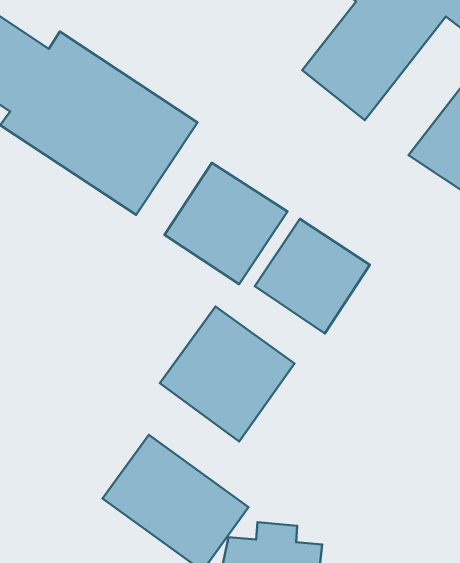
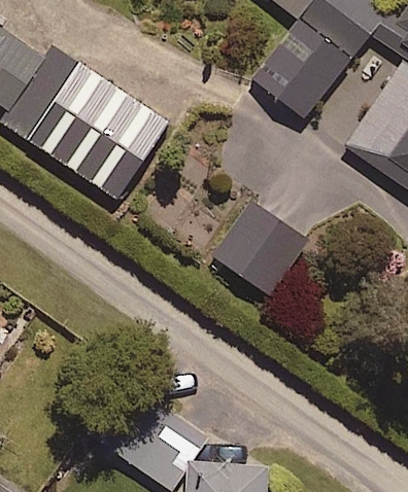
building: [165,163,288,284] -> none
building: [160,307,294,441] -> none

